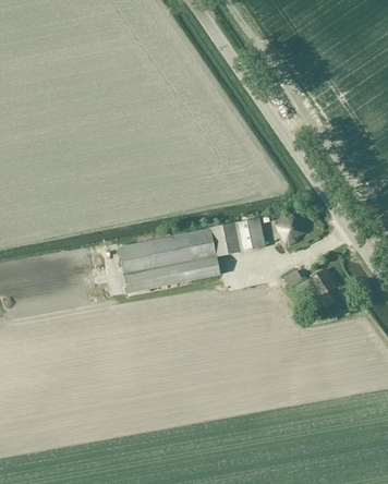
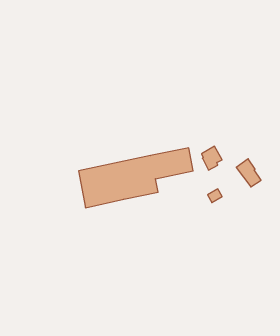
building: [310,267,341,303] -> [236,159,261,187]

